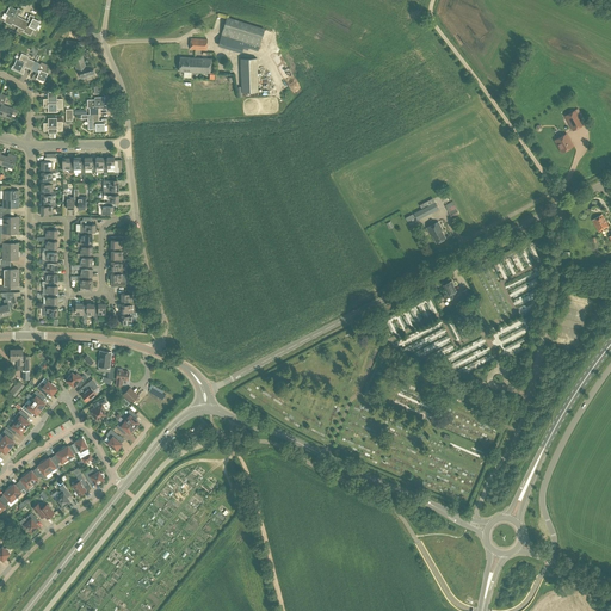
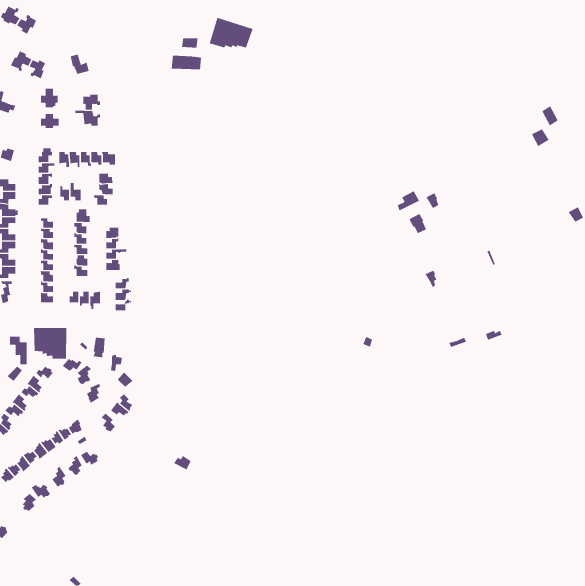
building: [237,58,257,94] -> none
building: none -> [33,327,67,360]

